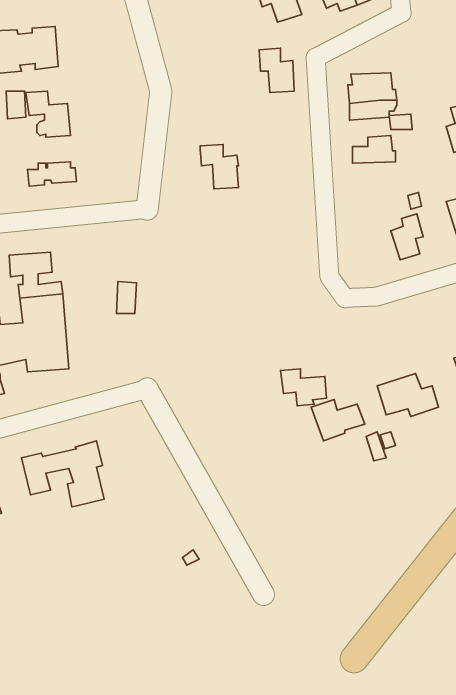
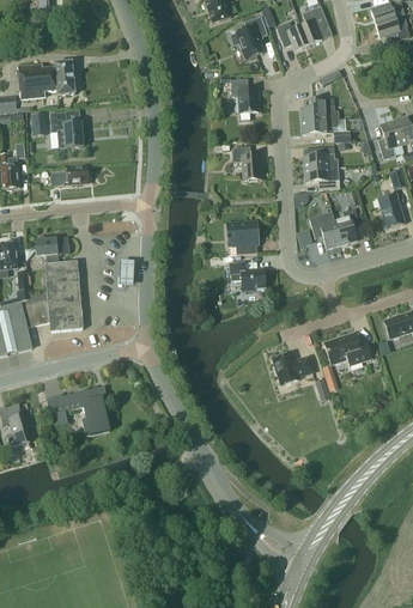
building: [200,144,238,189] -> [232,145,262,180]
building: none -> [304,166,340,189]
building: none -> [309,213,341,248]
building: none -> [226,220,257,254]
building: [280,369,326,406] -> [229,261,265,290]

